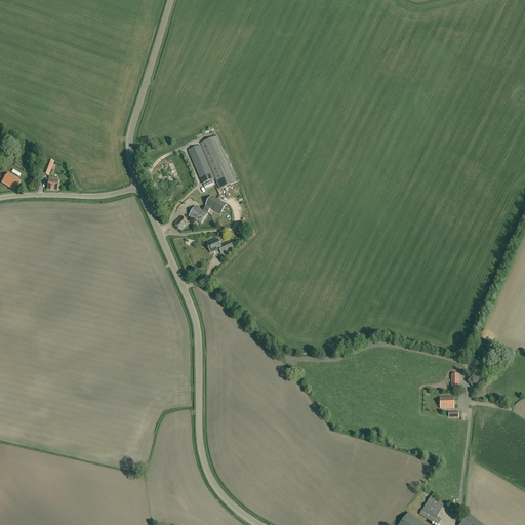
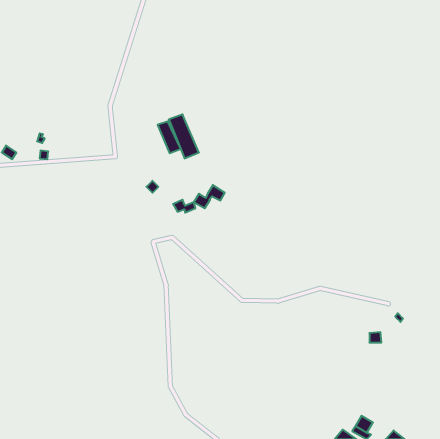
building: [189,195,226,223] -> [194,185,225,208]

